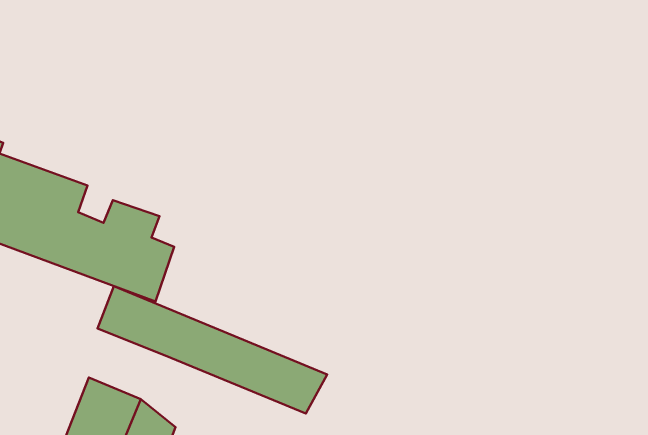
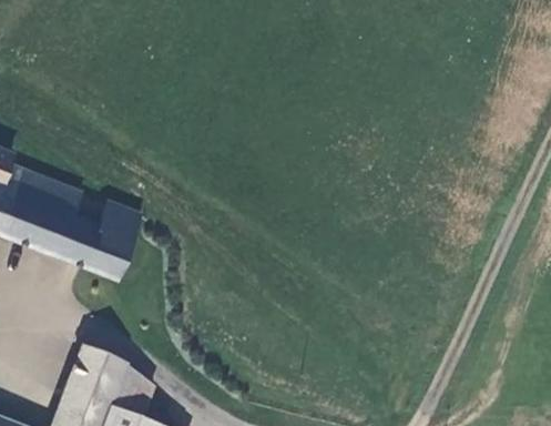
building: [97,286,327,413] -> none

